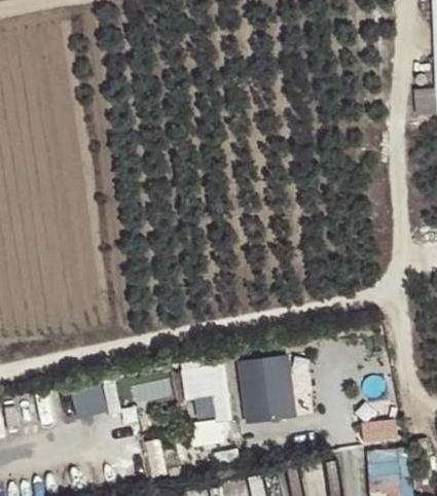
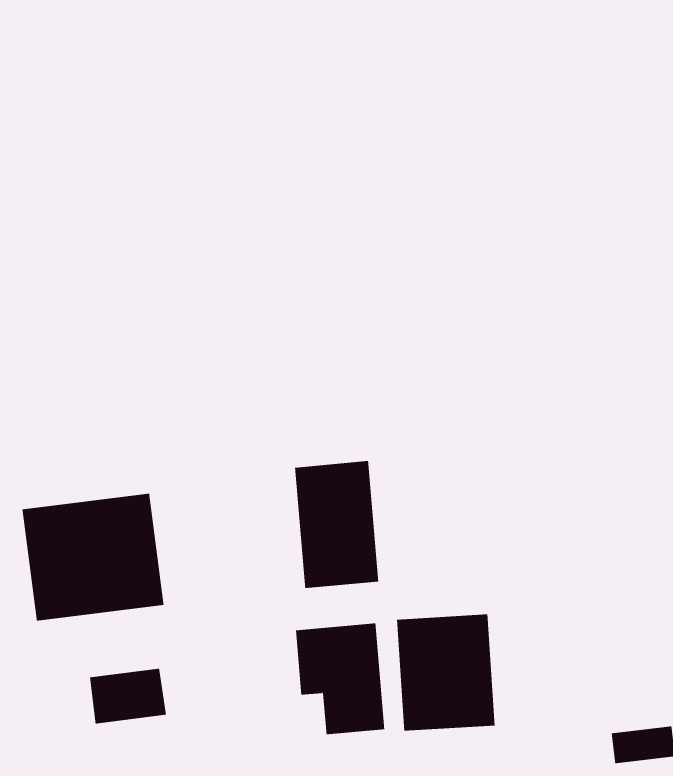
building: none -> [295,460,379,589]
building: none -> [22,493,164,621]

